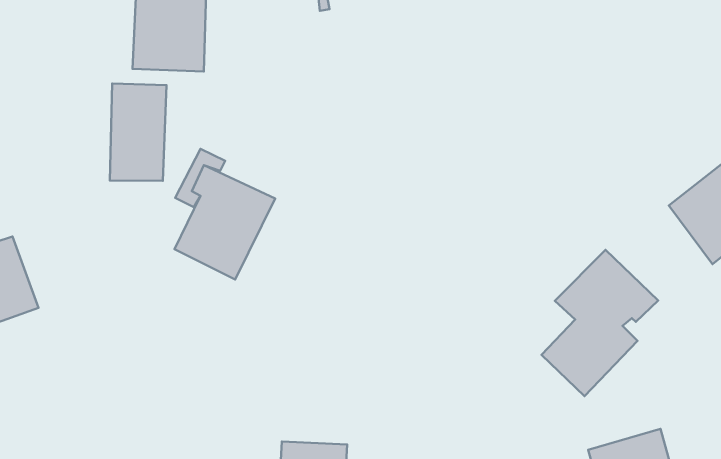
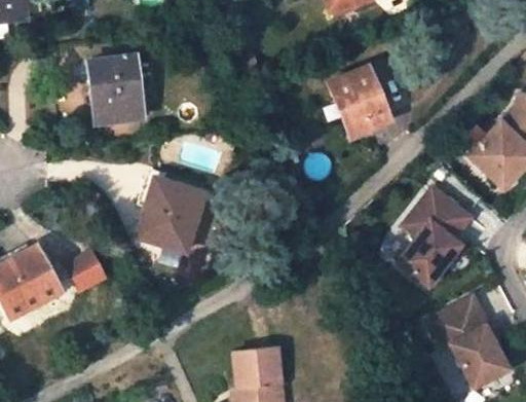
building: none -> [328,67,389,133]
building: [110,83,166,181] -> none
building: none -> [63,250,106,292]

